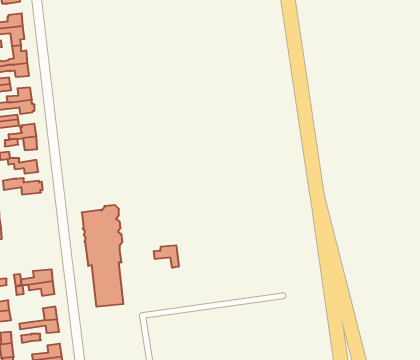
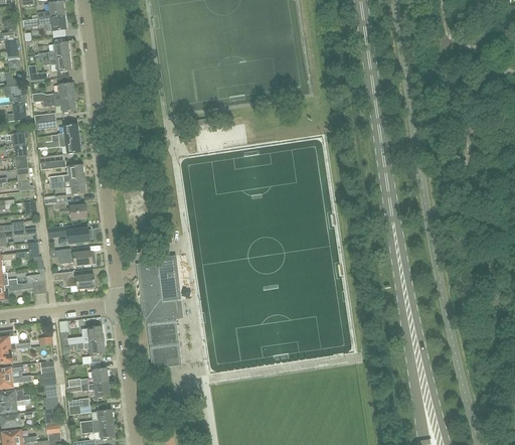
building: none -> [49,248,95,266]
building: none -> [52,271,95,289]
building: [154,245,179,268] -> none

